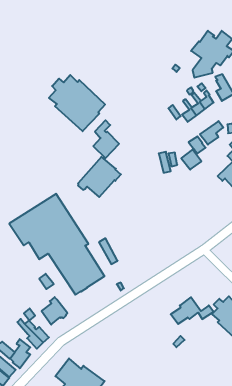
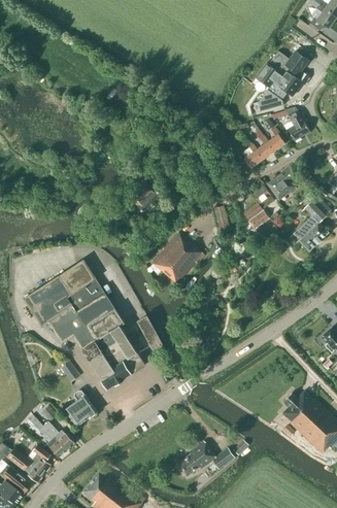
building: [49,75,105,131] -> none
building: [78,157,121,197] -> [148,232,203,283]
building: [171,297,214,324] -> [177,441,232,475]

